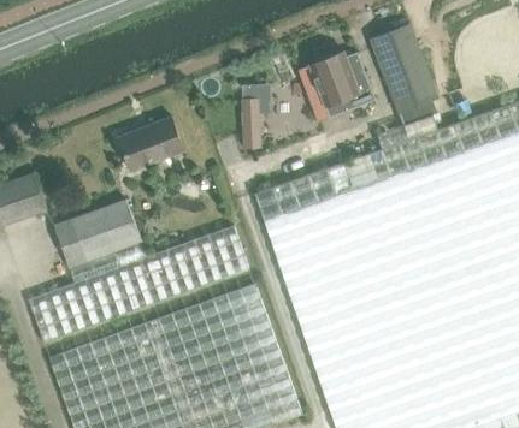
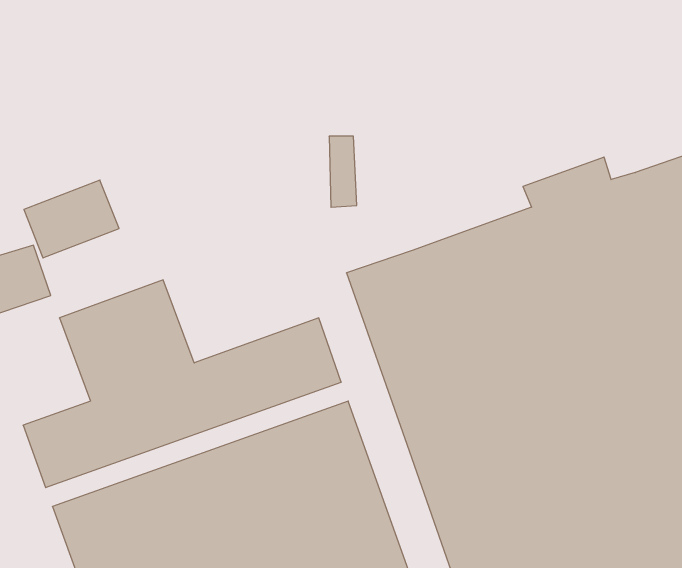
building: [371,25,438,113] -> none
building: [309,53,376,118] -> none
building: [119,118,185,172] -> [24,180,119,258]

